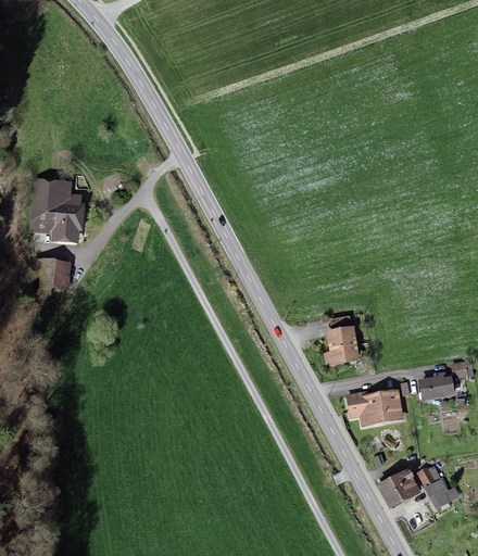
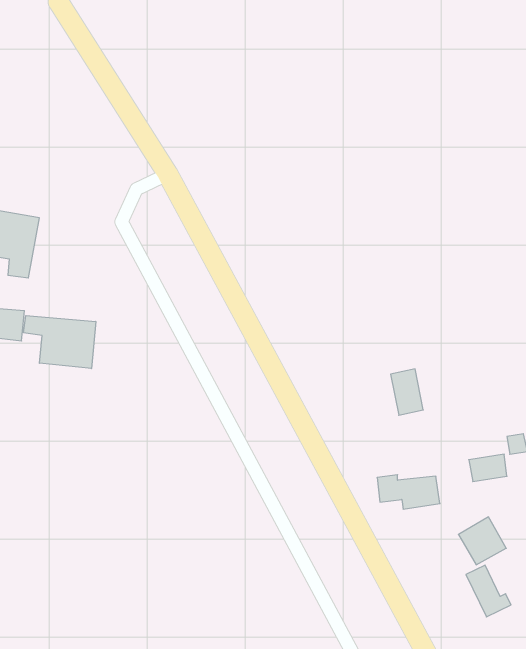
building: none -> [24,316,96,369]
building: [330,325,356,362] -> [391,369,423,415]
building: [379,467,417,505] -> [458,517,506,565]

